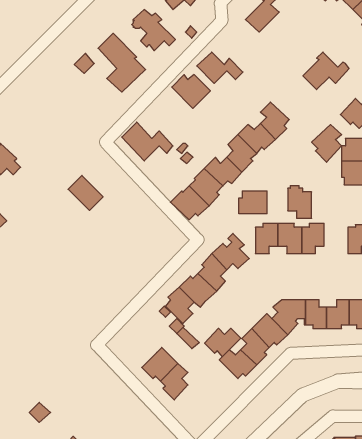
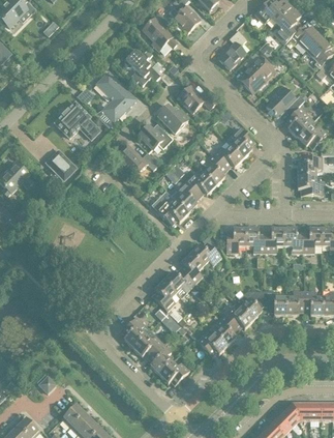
building: none -> [237,56,273,92]
building: none -> [54,103,100,141]
building: none -> [138,124,171,149]
building: [312,125,342,162] -> [283,107,308,138]
building: [68,175,103,210] -> [45,150,74,179]
building: [288,186,312,218] -> [282,226,302,253]
building: [239,191,267,214] -> none
building: [205,328,241,357] -> [158,361,188,385]
building: none -> [120,317,148,347]

